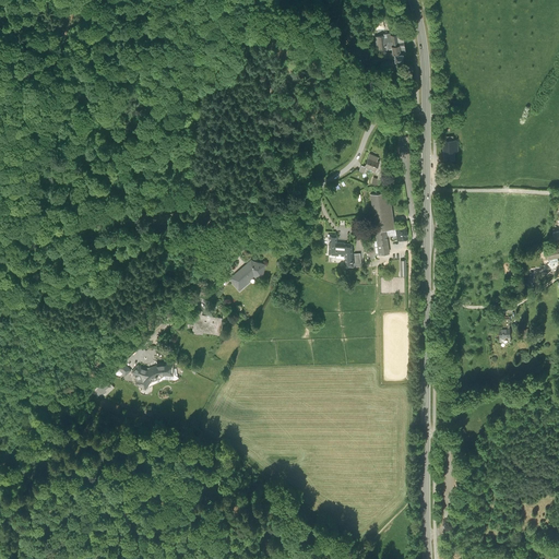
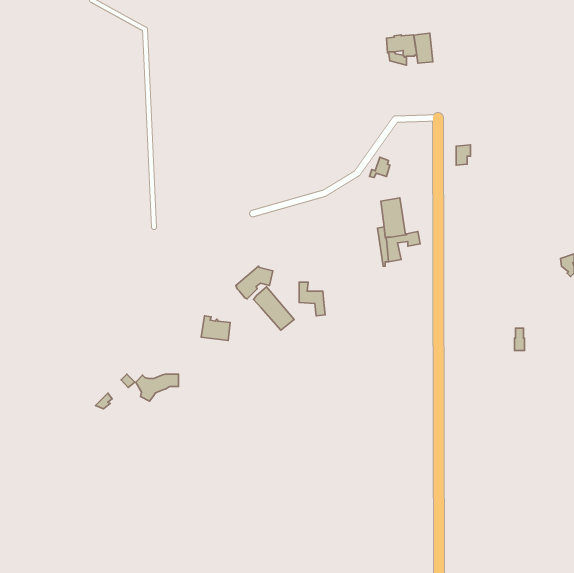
building: none -> [414,33,433,63]
building: [329,235,354,267] -> [299,282,325,316]
building: none -> [253,287,294,330]

